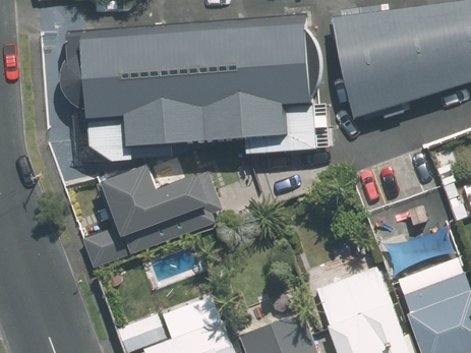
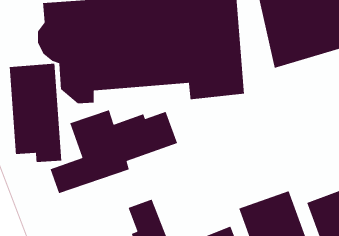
building: none -> [9,63,62,163]

